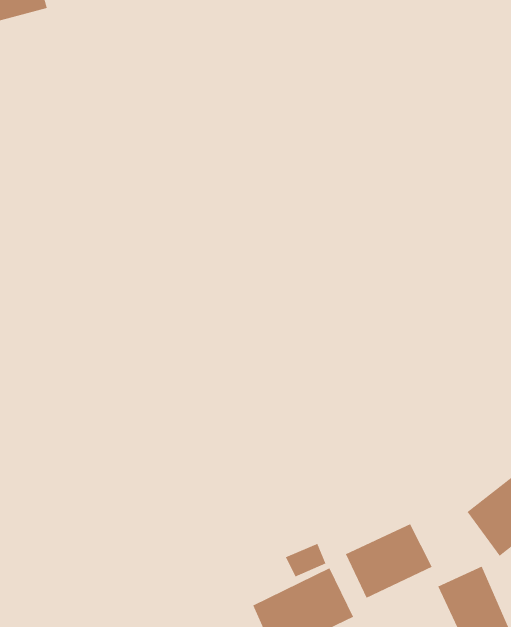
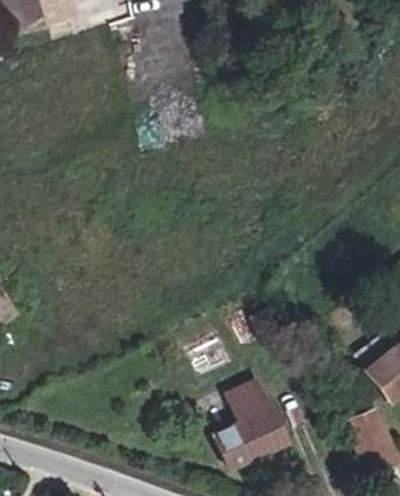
building: [345,523,433,599] -> none

